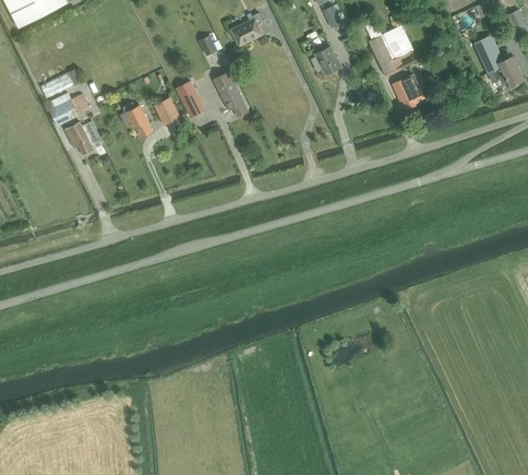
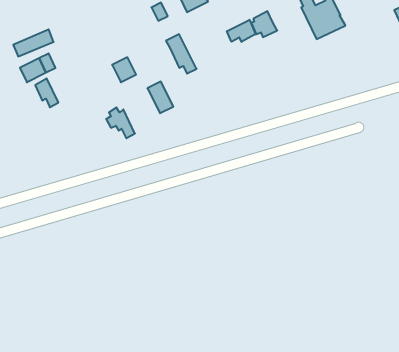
building: none -> [227,20,255,42]
building: [391,73,424,109] -> none
building: [175,81,204,117] -> [147,82,173,113]
building: [120,102,153,136] -> [106,108,135,138]

